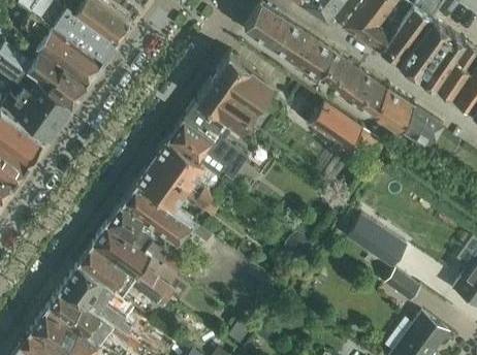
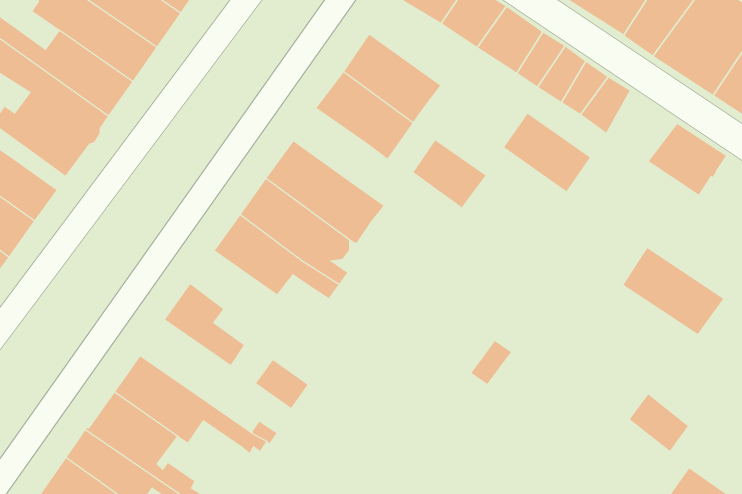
building: [372,87,414,129] -> none
building: [184,97,228,138] -> [412,139,486,208]
building: [122,183,211,244] -> none
building: [347,215,408,267] -> [623,247,724,335]
building: [92,224,154,285] -> none

